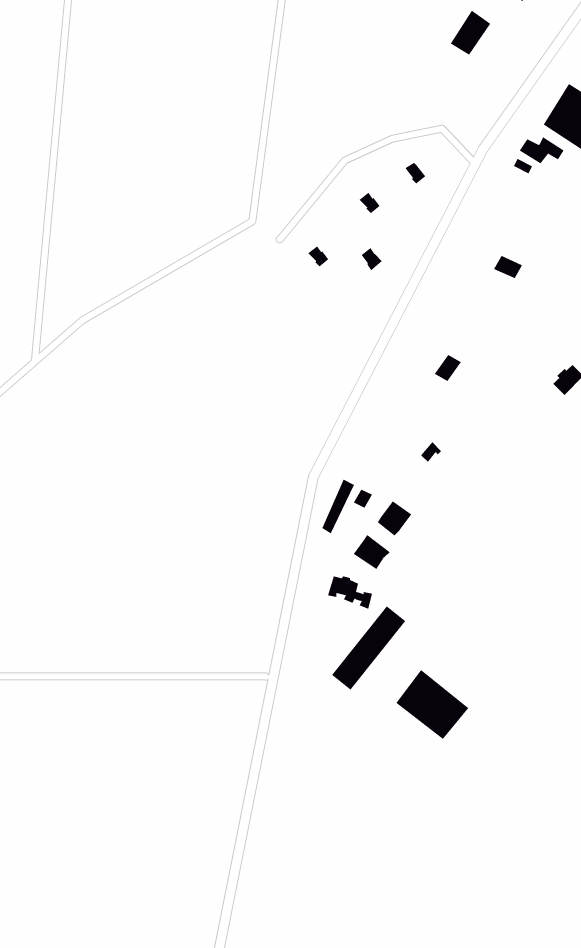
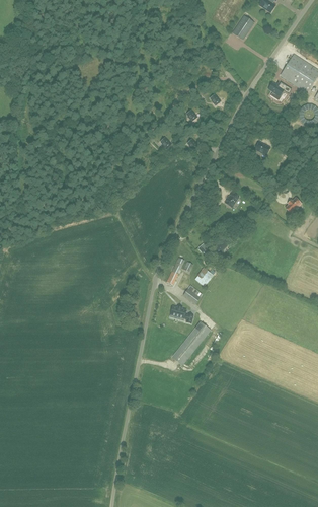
building: [396,669,469,740] -> none

